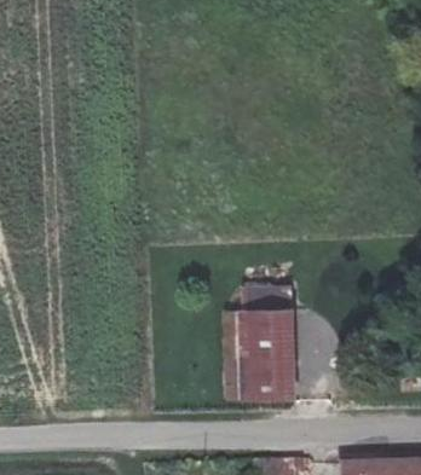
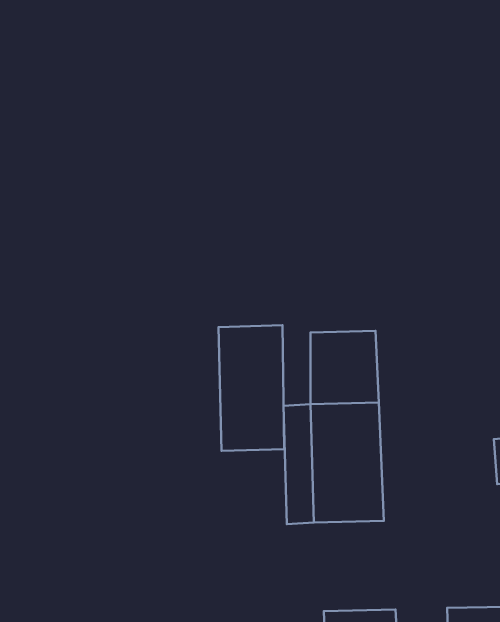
building: none -> [219,325,284,451]

